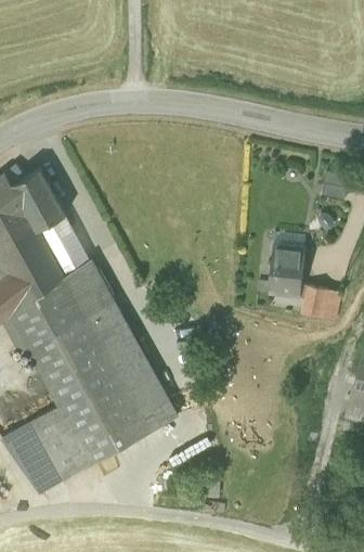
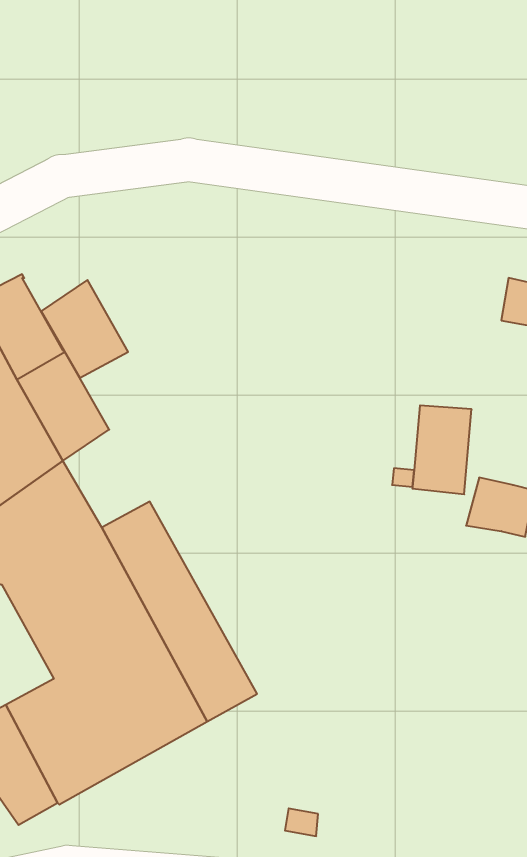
building: [64,261,115,319] -> [41,280,128,378]

